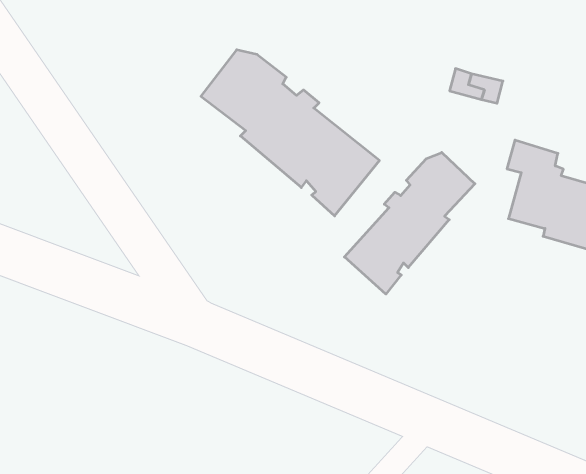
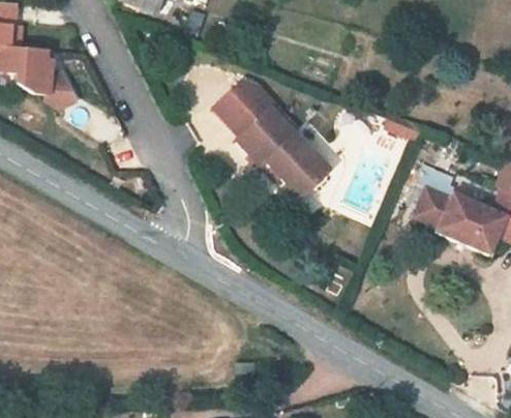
building: [344,152,475,294] -> none

